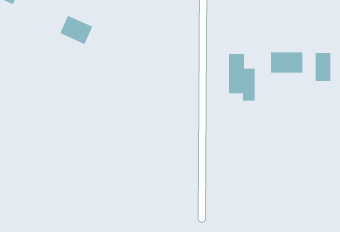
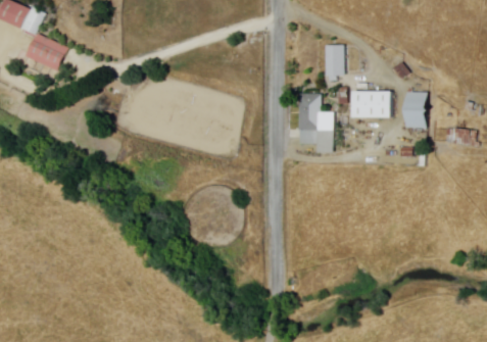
building: none -> [324,45,343,80]
building: [59,15,93,45] -> [23,33,65,69]

